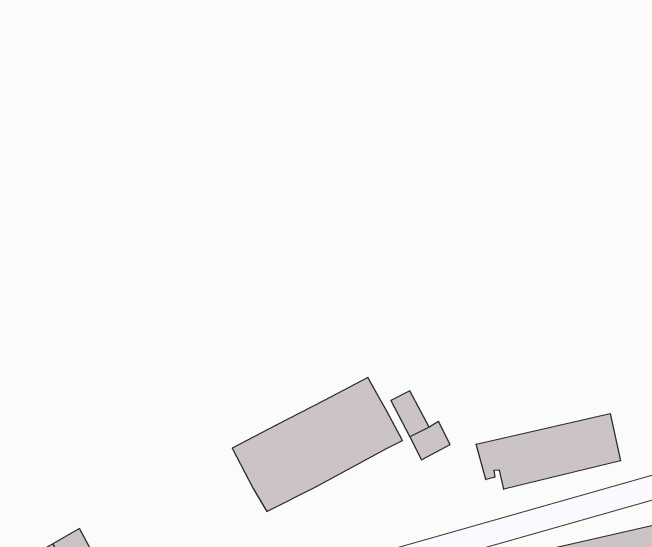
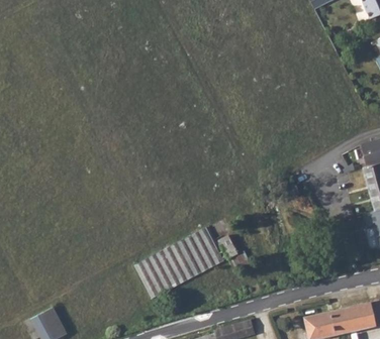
building: [476,414,621,489] -> none

